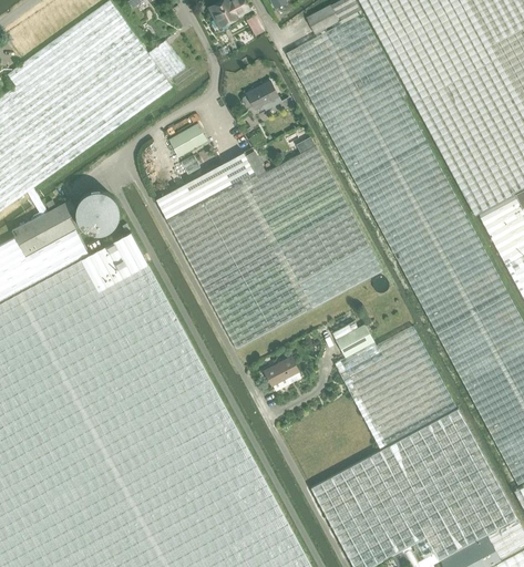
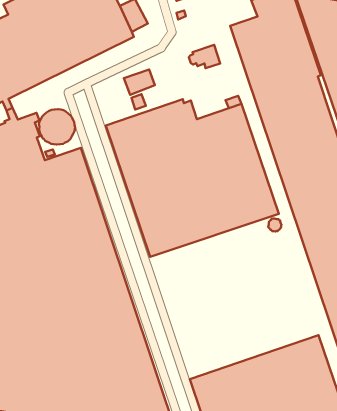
building: [332,321,456,449] -> none
building: [264,355,299,390] -> none

